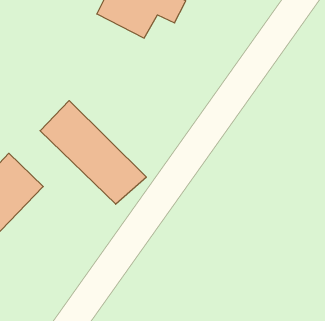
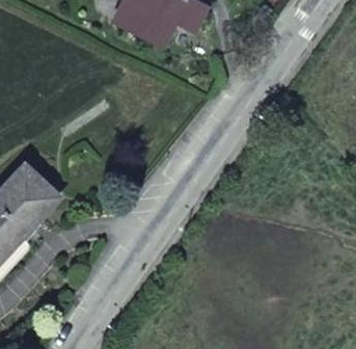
building: [40,101,146,204] -> none

